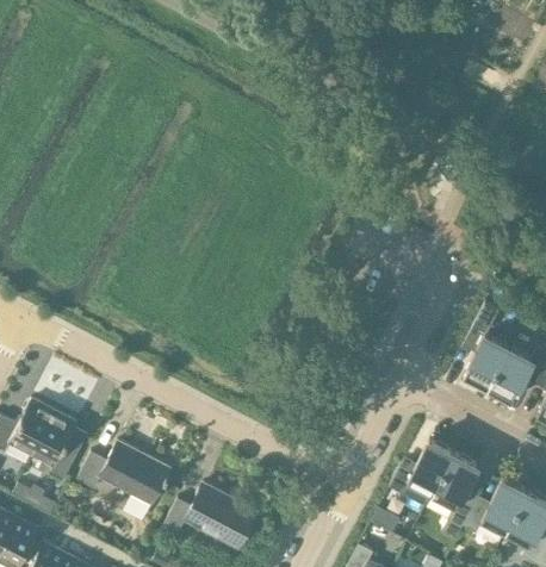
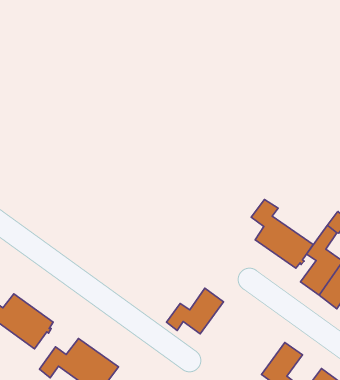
building: none -> [251,200,313,268]
building: [391,441,457,497] -> [166,288,224,334]

